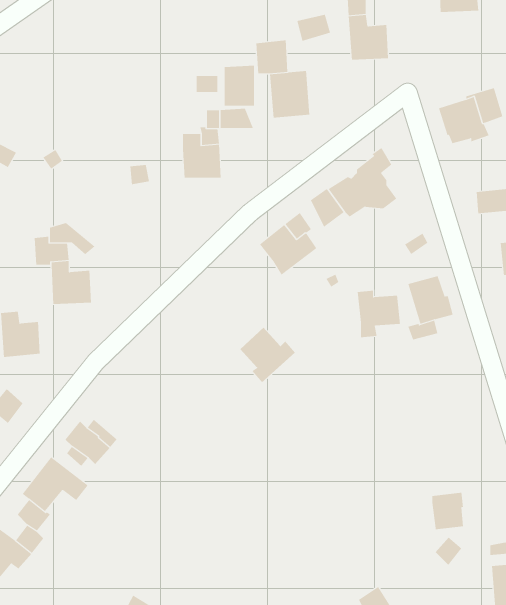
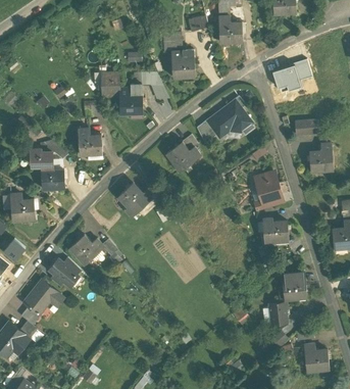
building: [224,65,255,106] -> [101,71,119,96]
building: none -> [78,128,102,155]
building: [357,290,401,338] -> [262,217,289,246]
building: [239,327,296,383] -> [117,183,151,216]
building: none -> [69,235,104,264]
building: none -> [282,272,307,299]

